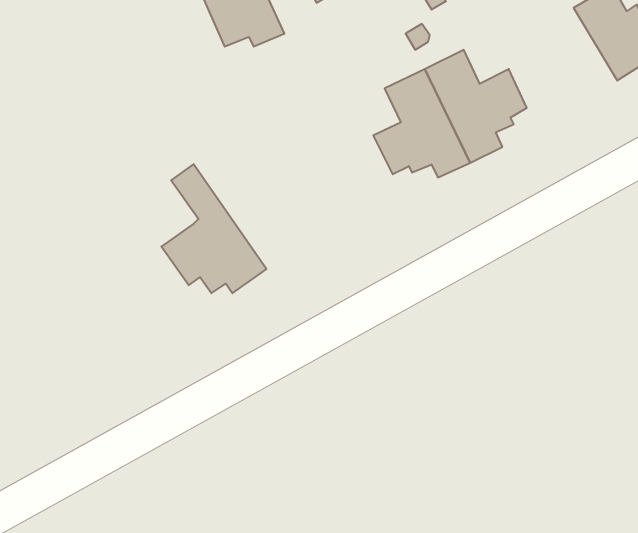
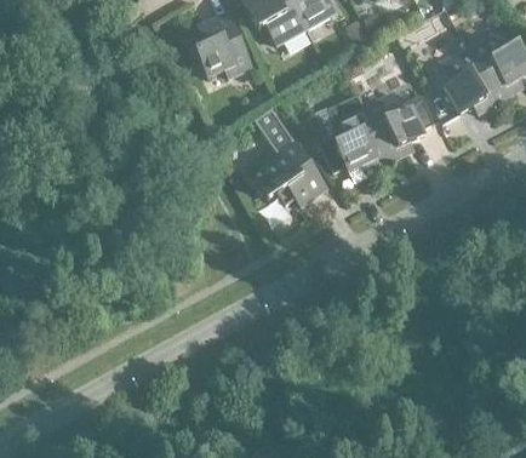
building: none -> [442,47,503,115]
building: [161,164,266,293] -> [248,108,327,205]

